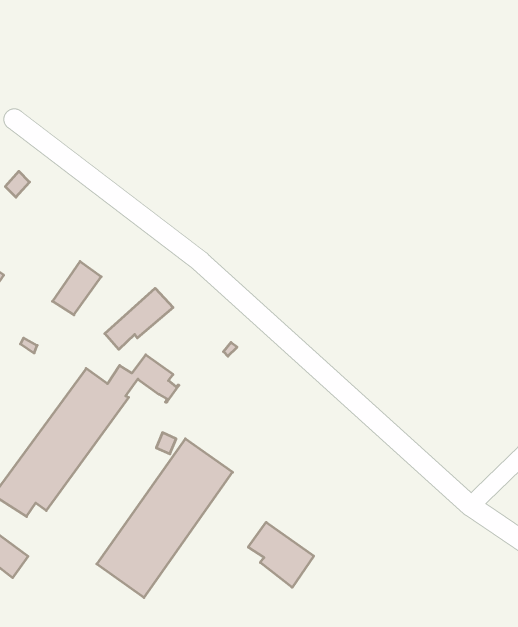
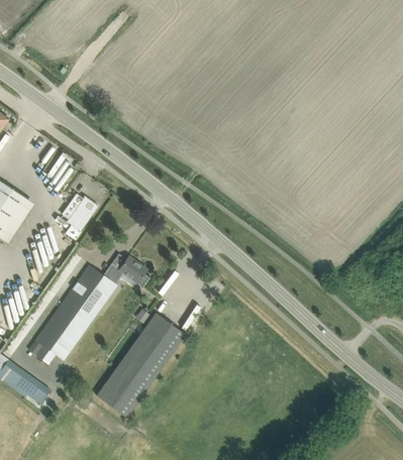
building: [105,288,173,349] -> none
building: [248,522,314,587] -> none

